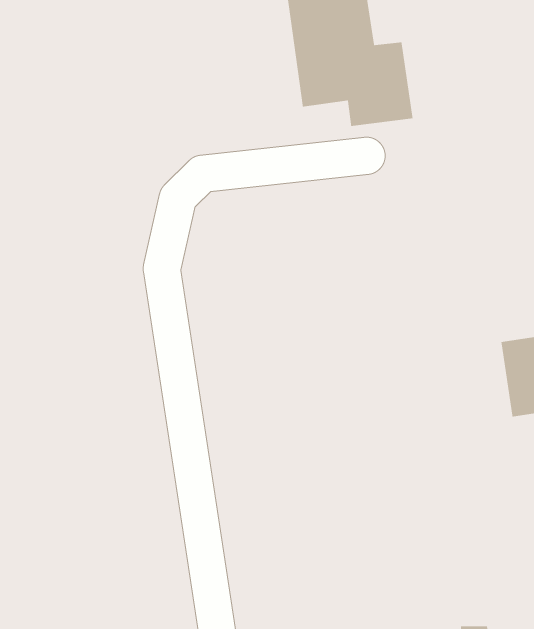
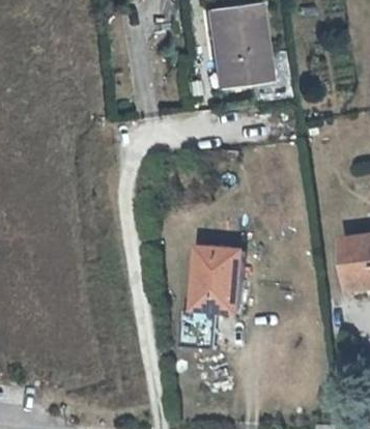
building: none -> [194,246,245,312]

